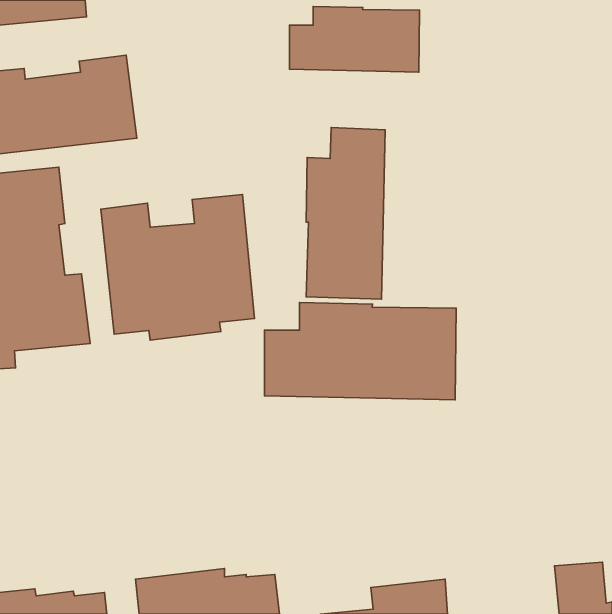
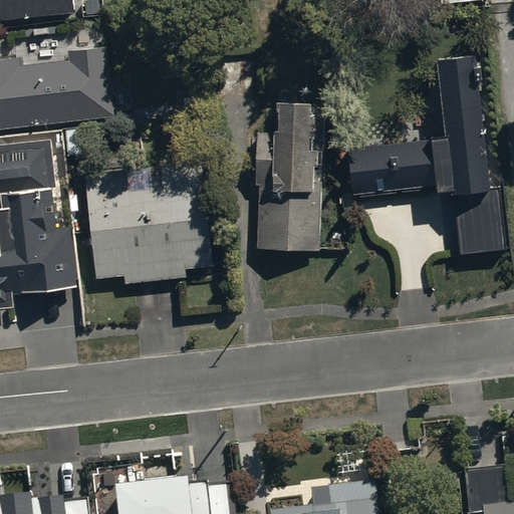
building: [289,6,420,72] -> none
building: none -> [346,56,503,253]
building: [264,303,456,400] -> none

